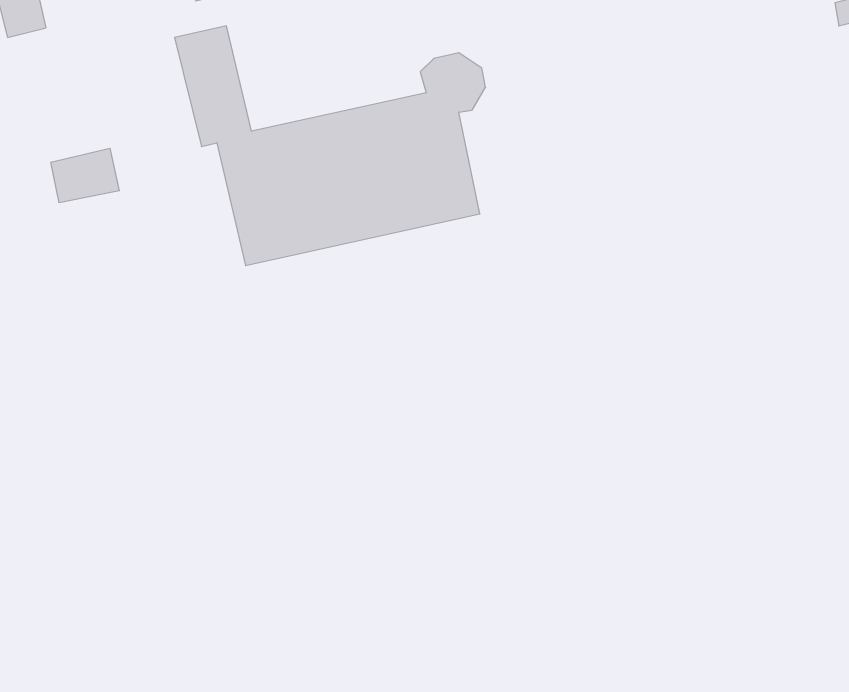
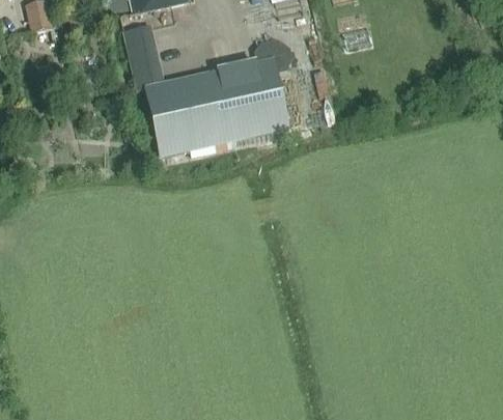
building: [51,148,119,203] -> none

